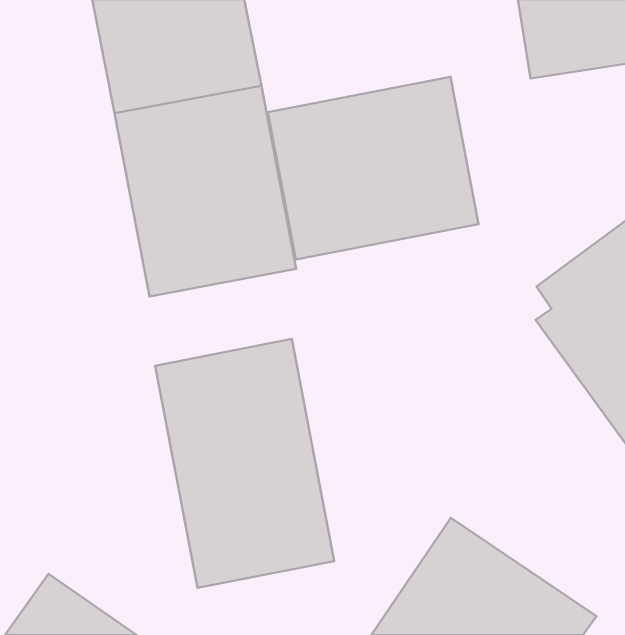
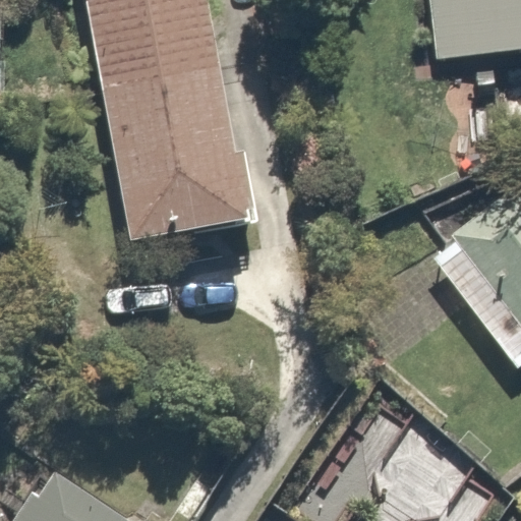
building: [268,77,479,259] -> none
building: [155,339,334,588] -> none

